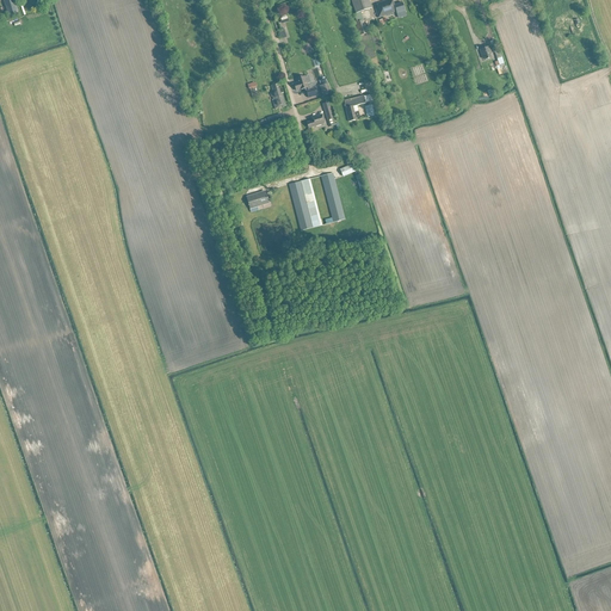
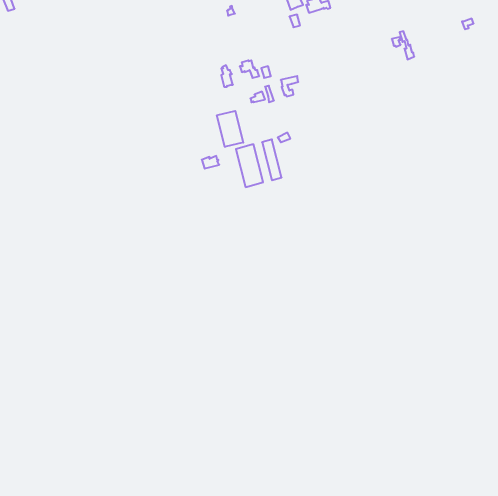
building: none -> [217,111,243,147]

